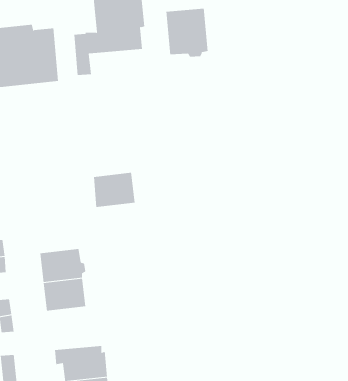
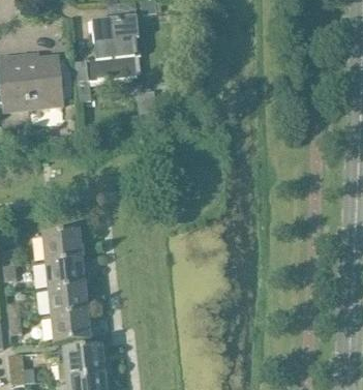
building: [166,8,208,58] -> none
building: [93,172,135,207] -> [42,229,81,261]
building: none -> [51,309,90,341]

